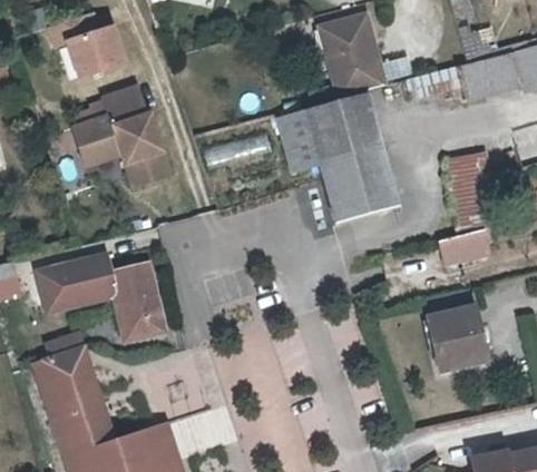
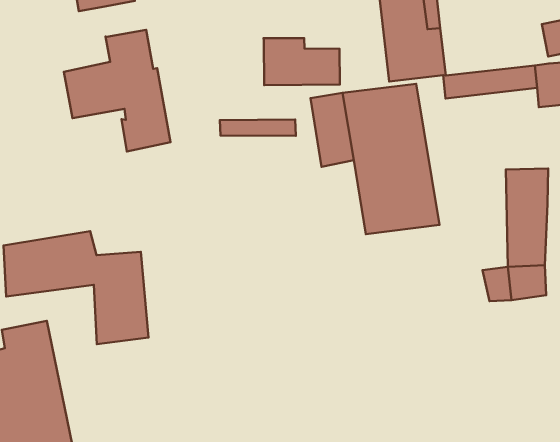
building: none -> [263,38,340,85]
building: [420,304,480,368] -> none

